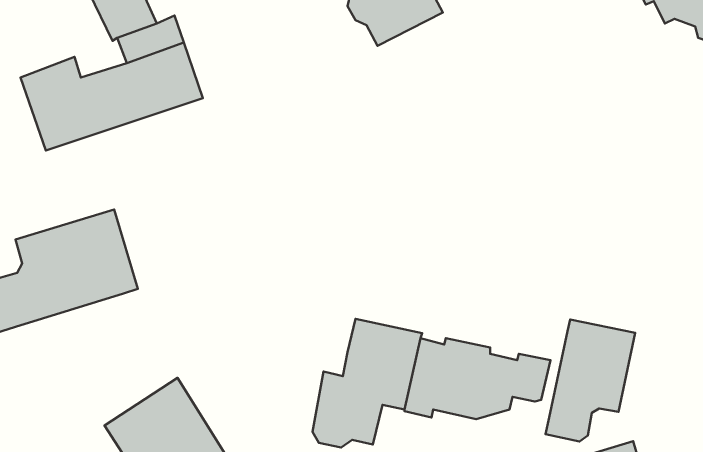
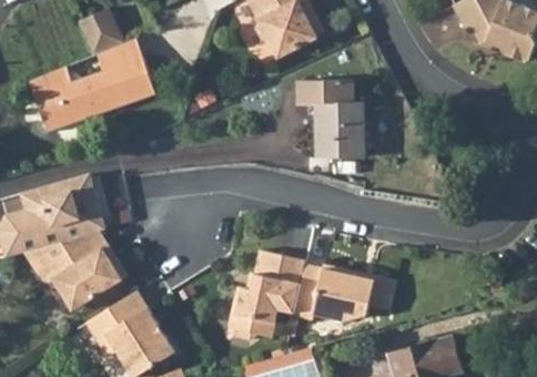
building: none -> [297,83,362,161]
building: none -> [22,232,126,309]
building: [546,320,635,441] -> none

